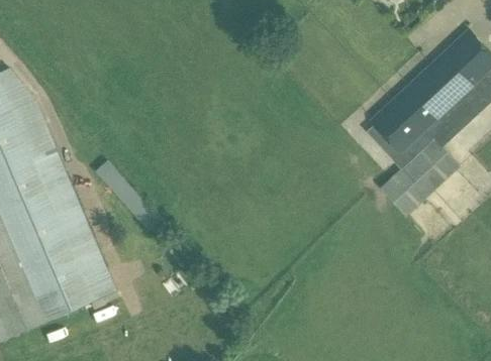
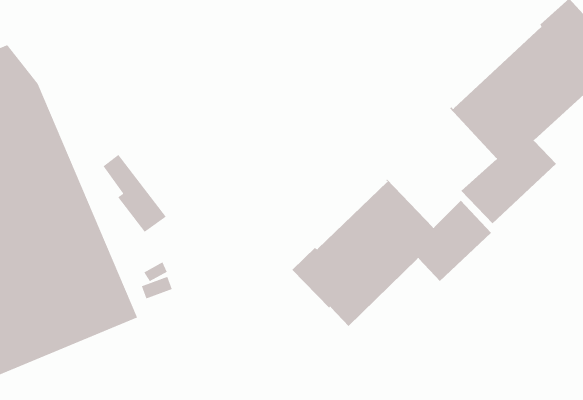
building: none -> [292,178,492,327]

